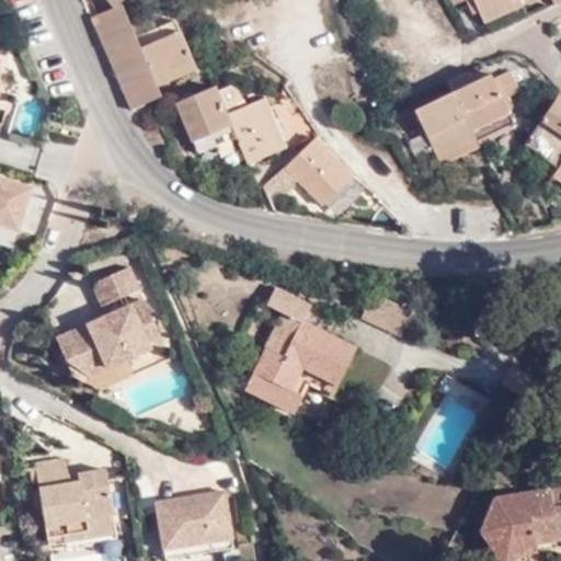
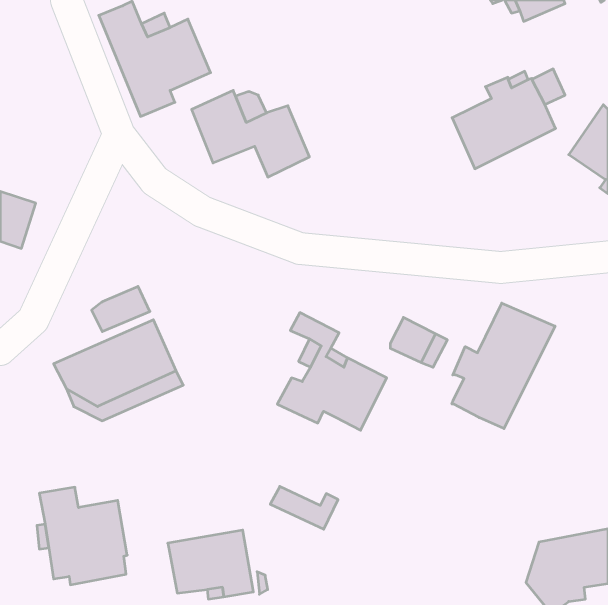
building: [286,138,352,206] -> none
building: none -> [452,303,555,429]
building: [247,375,309,414] -> [270,486,338,529]

